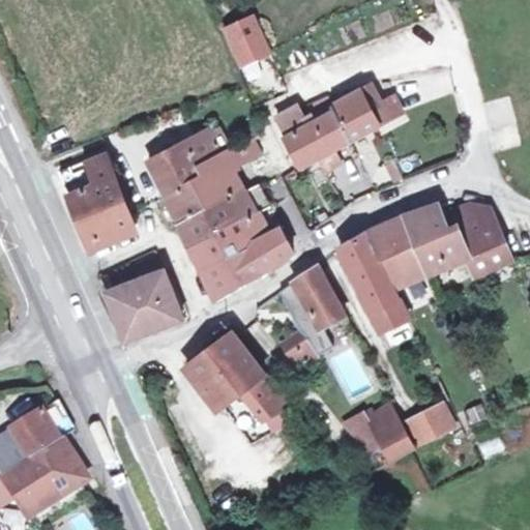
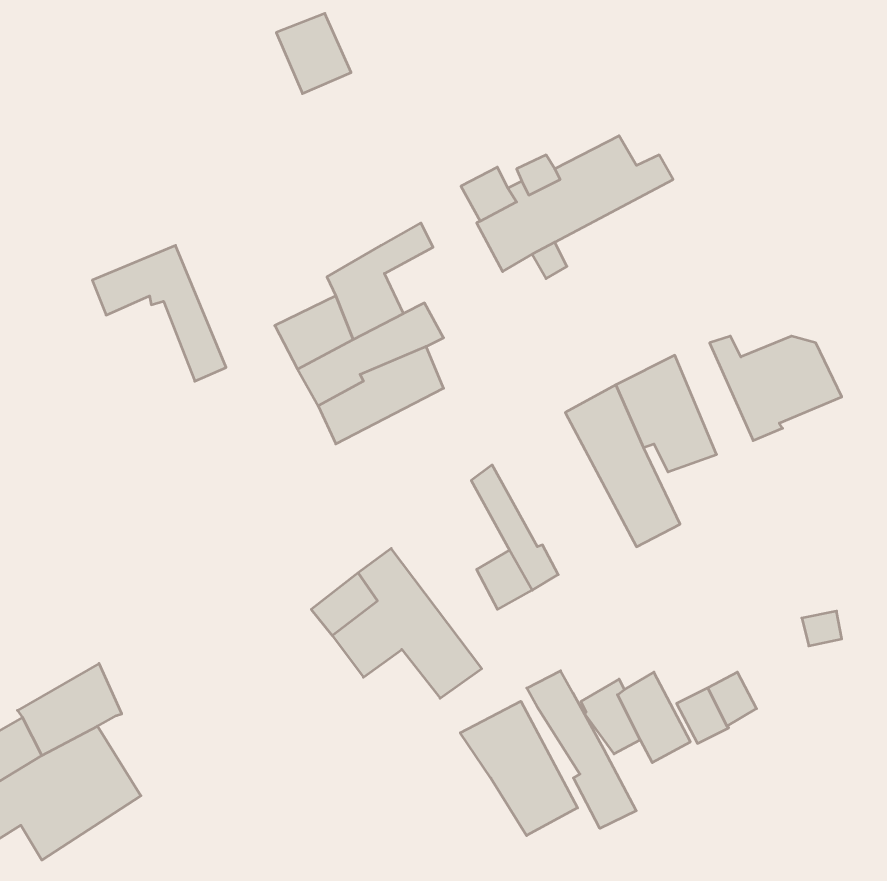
building: [226,10,270,58] -> [276,13,351,94]
building: [146,131,227,199] -> none
building: [63,181,116,246] -> none
building: [402,209,448,275] -> none
building: [200,228,291,300] -> none
building: [464,241,510,277] -> none
building: [293,264,344,330] -> none
building: [104,270,181,340] -> none
building: none -> [527,671,636,828]
building: none -> [460,701,578,836]

